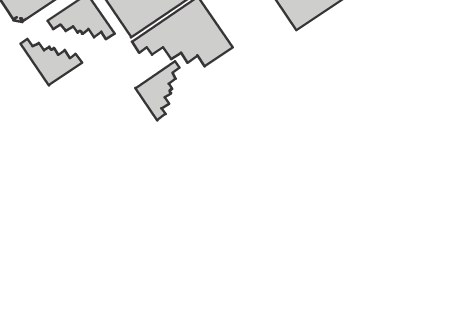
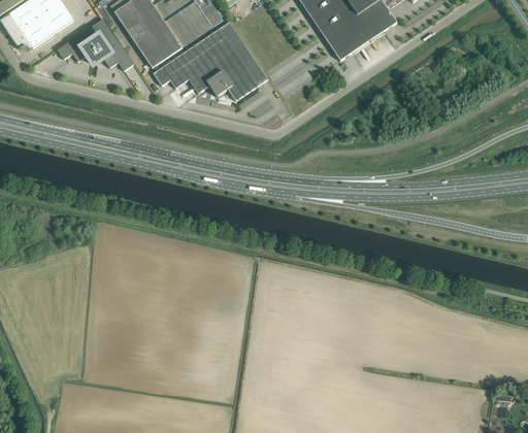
building: [21,39,82,85] -> none
building: [135,61,179,120] -> none

